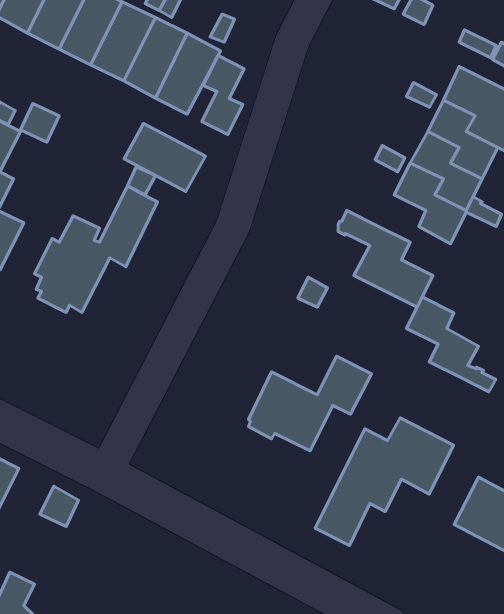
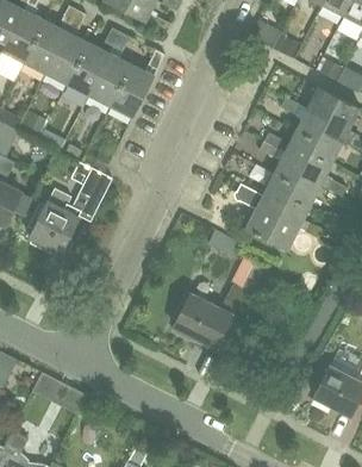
building: [202,56,244,134] -> none
building: [124,123,205,191] -> none
building: [406,297,496,392] -> [261,173,322,237]
building: [315,418,453,546] -> none

